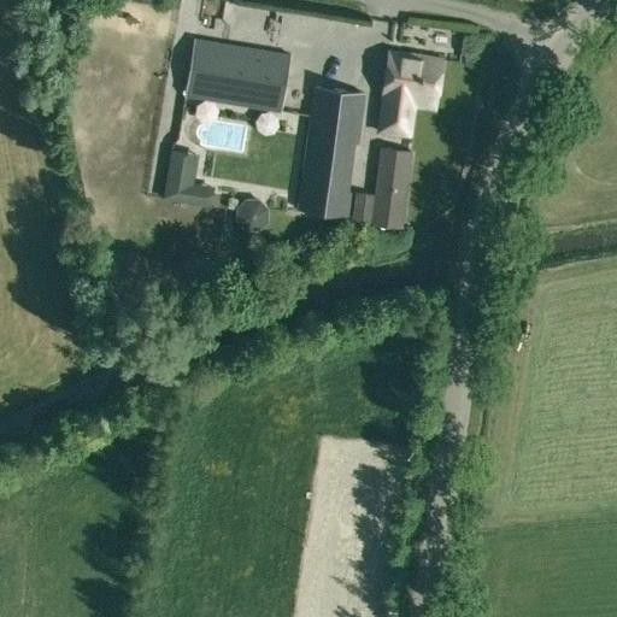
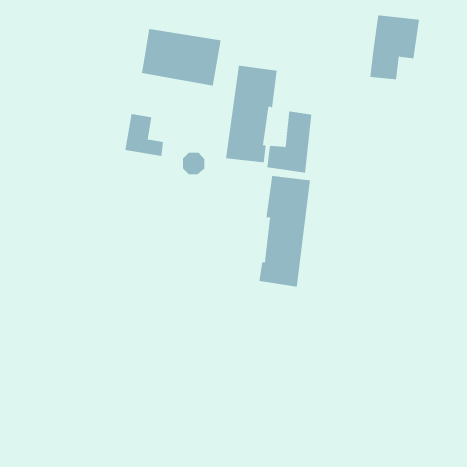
building: [377,52,443,137] -> [369,15,420,80]
building: none -> [259,175,311,287]

